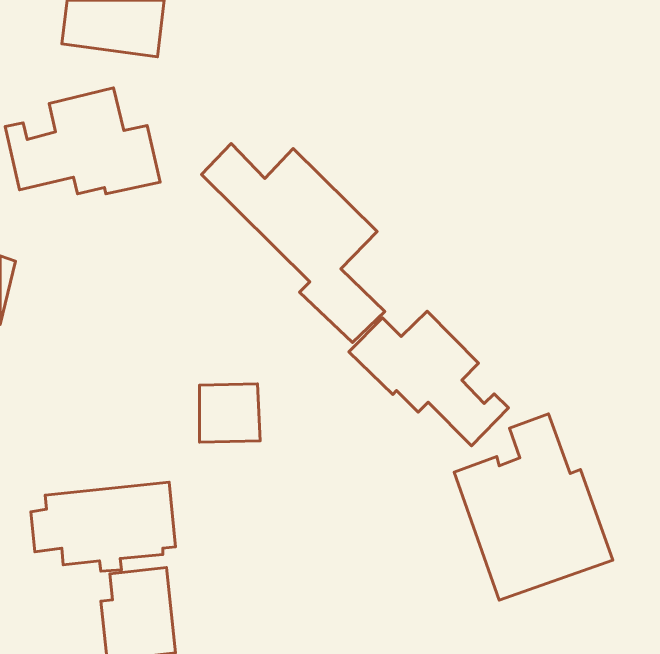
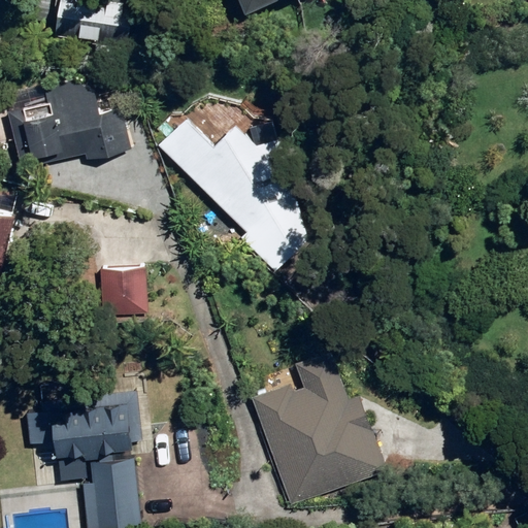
building: [349,311,509,446] -> none
building: [199,384,260,442] -> [98,268,146,315]
building: [454,414,613,600] -> [258,355,385,503]

